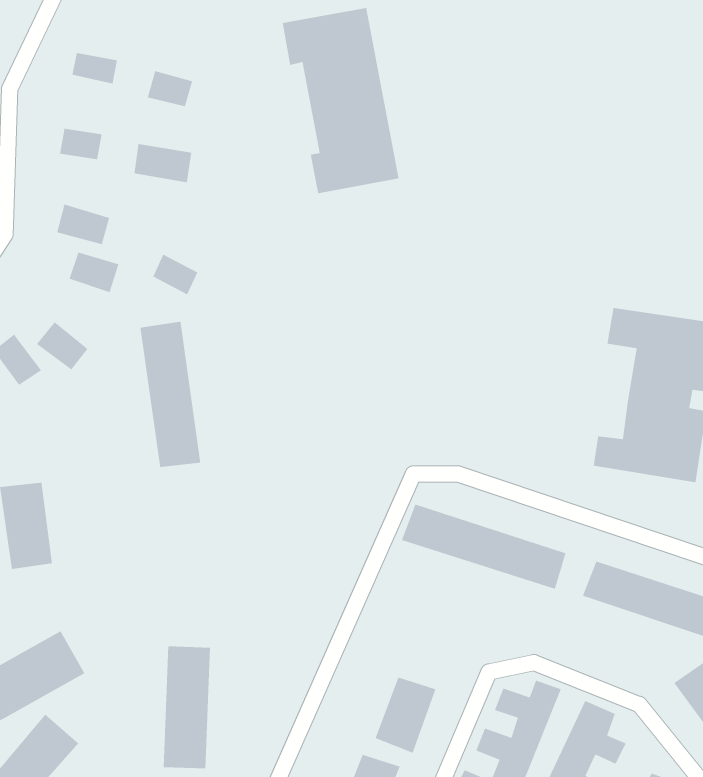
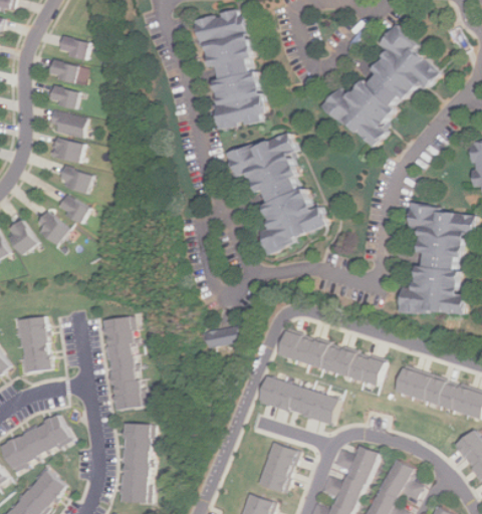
building: none -> [325,25,447,145]
building: [147,70,193,107] -> [50,59,80,83]
building: [133,143,192,183] -> [47,111,85,138]
building: none -> [215,138,326,254]
building: [152,254,198,295] -> [60,195,90,222]
building: [139,321,201,468] -> [101,315,142,411]
building: none -> [205,325,240,347]
building: none -> [255,375,338,427]

